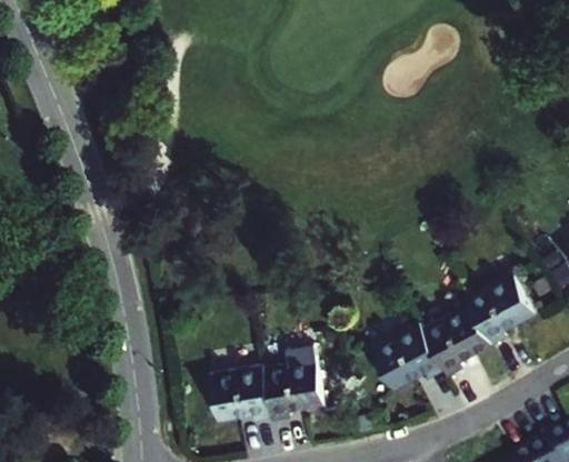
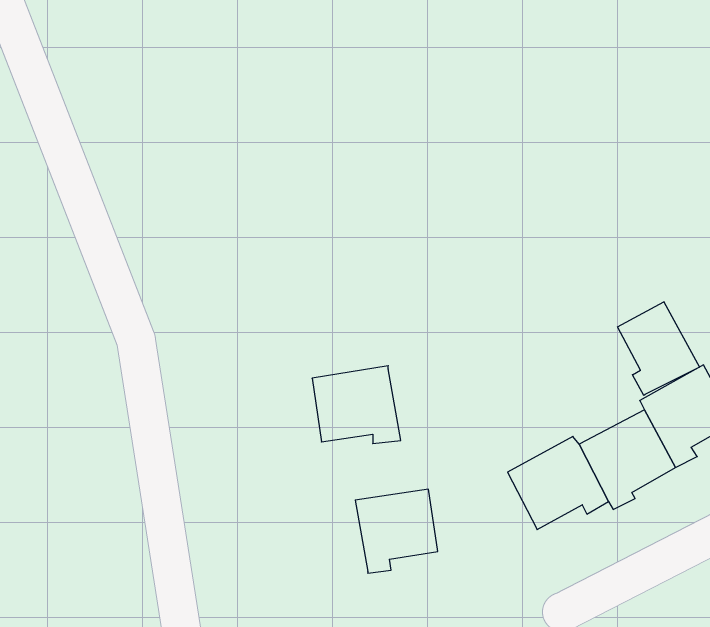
building: none -> [618,302,699,395]
building: [210,365,273,421] -> [312,366,401,444]

